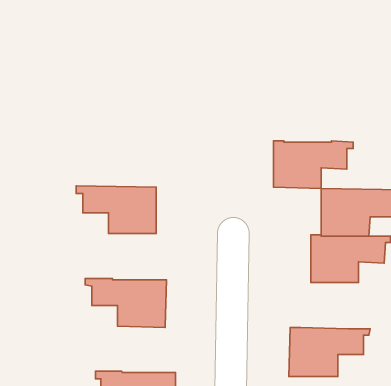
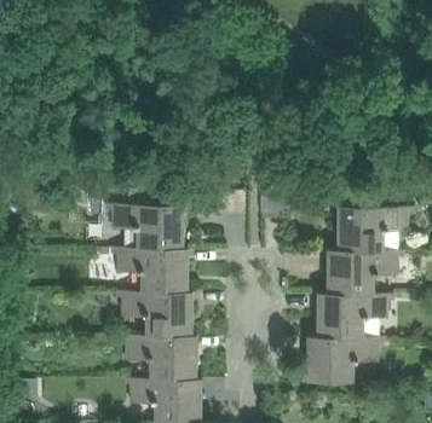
building: [273,141,353,188] -> [318,294,393,338]
building: none -> [113,248,188,292]
building: none -> [121,335,196,379]

